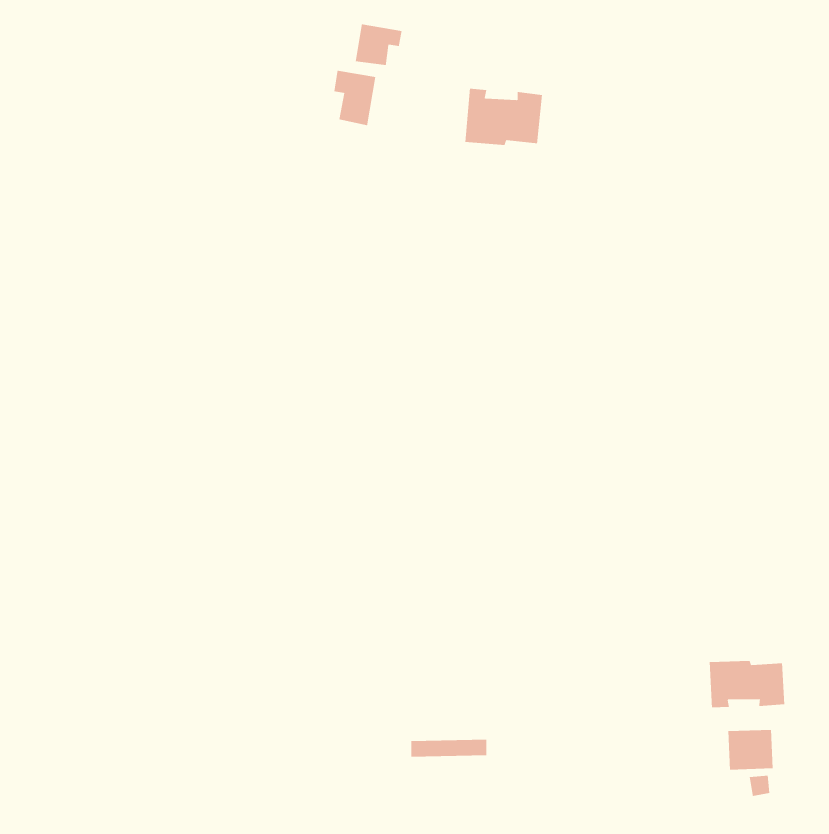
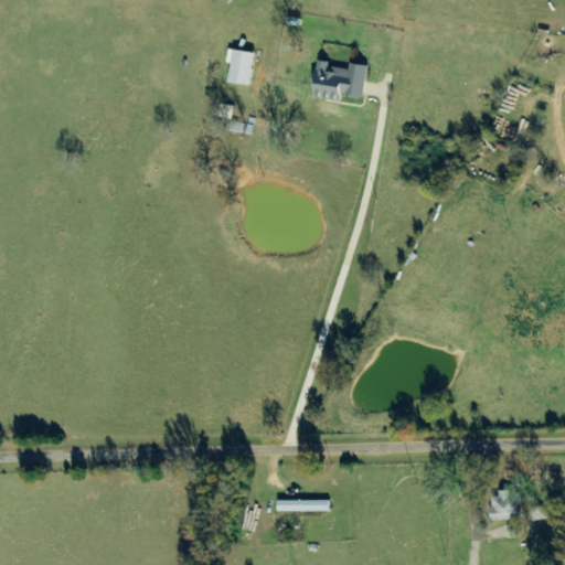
building: [355,24,402,66] -> none
building: [709,660,785,708] -> none

